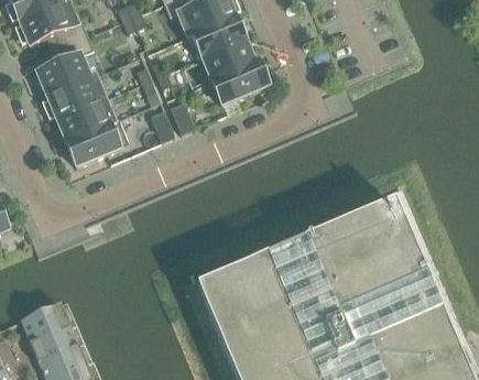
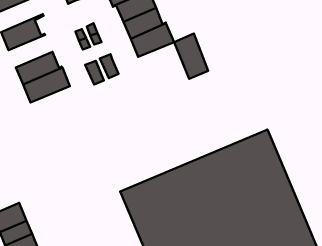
building: none -> [174,34,208,79]
building: [46,73,106,117] -> none

